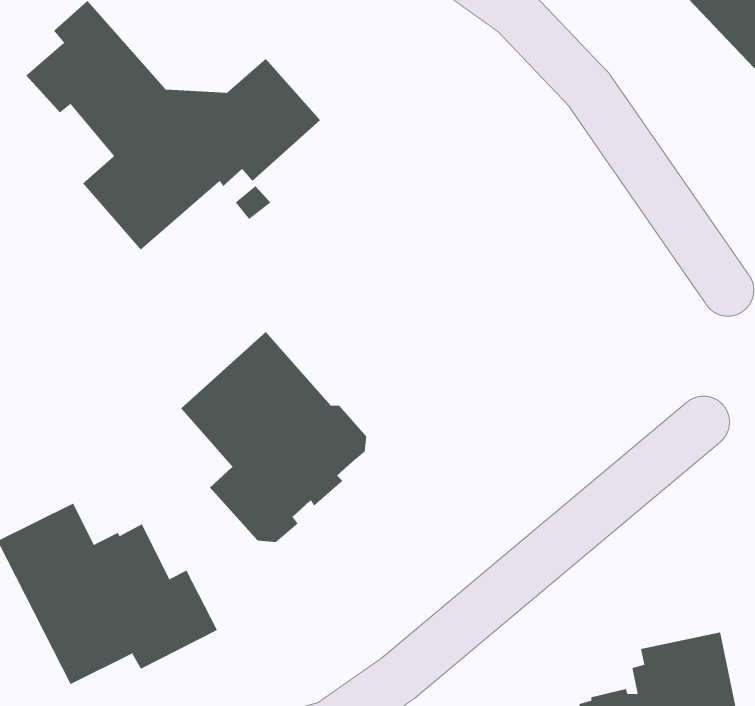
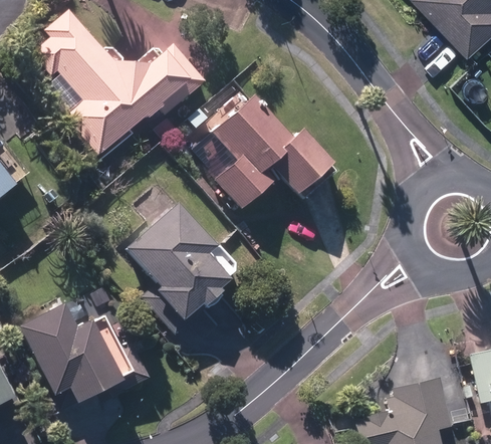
building: none -> [213,95,336,211]

